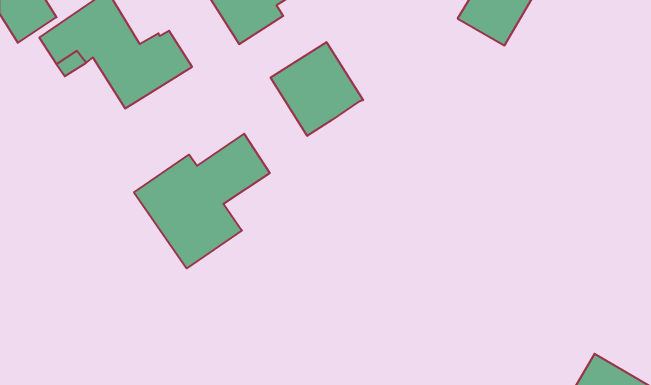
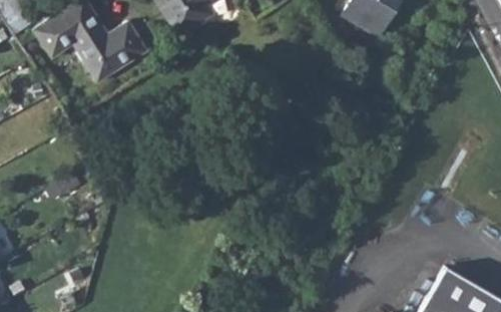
building: [271,42,363,136] -> none
building: [134,134,270,268] -> none

